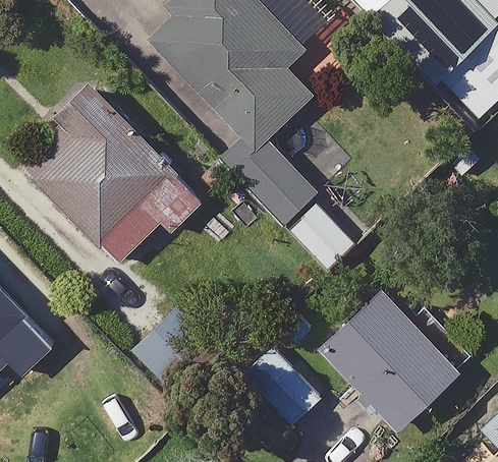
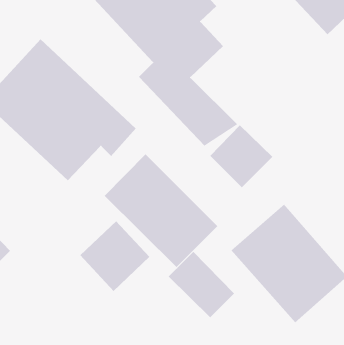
building: none -> [104,153,218,268]

